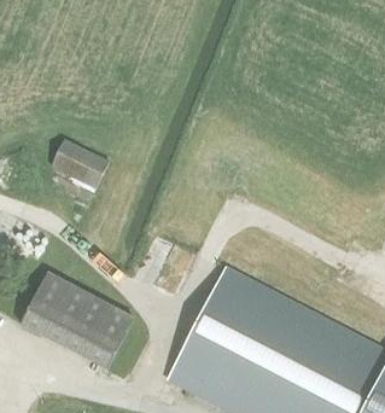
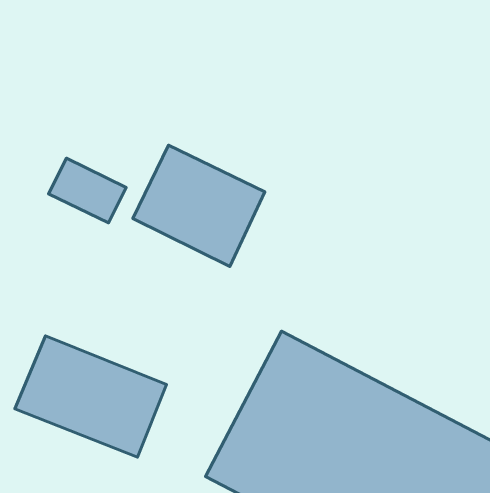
building: none -> [133,145,265,266]

